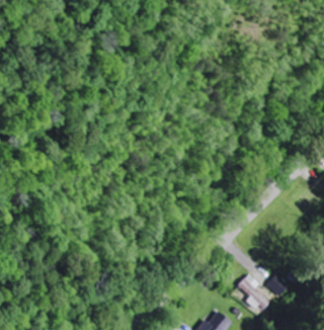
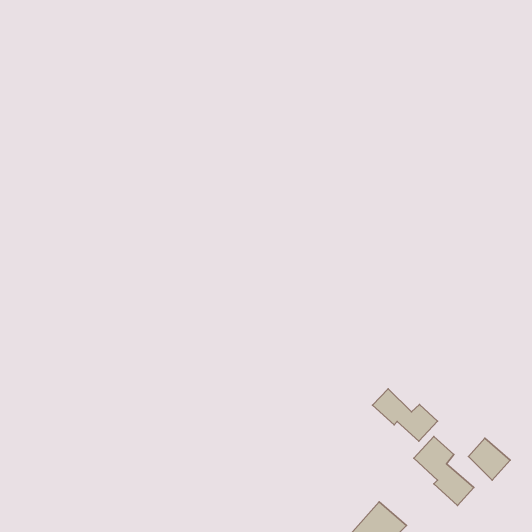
building: none -> [373,389,437,441]

